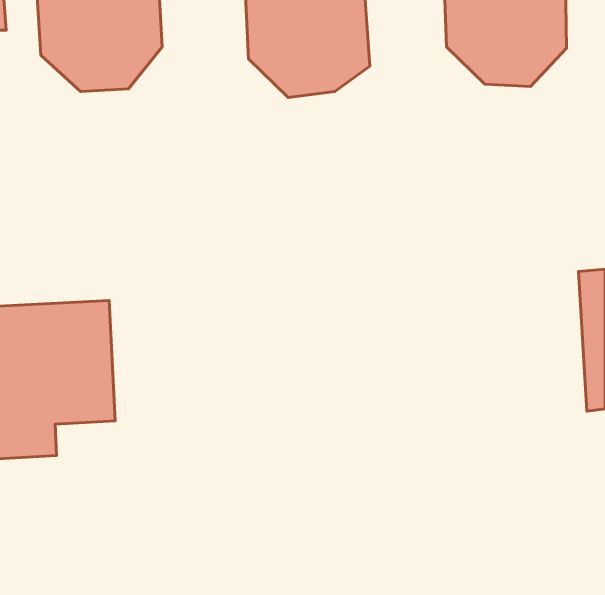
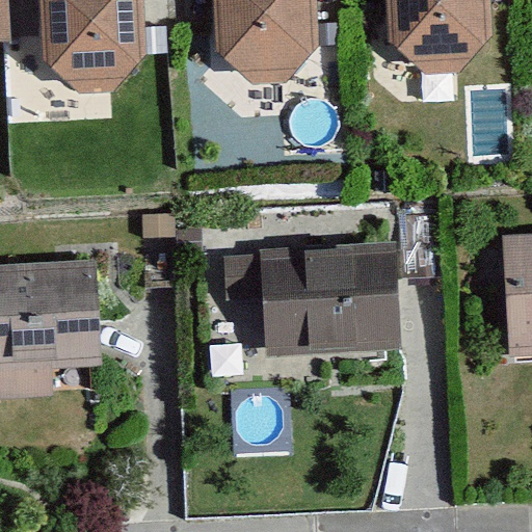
building: none -> [261,249,402,361]

